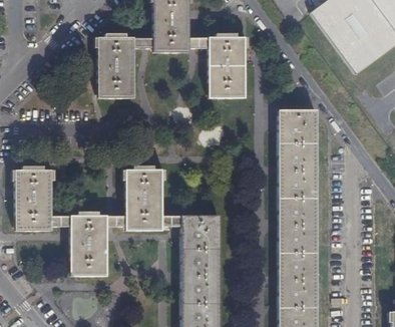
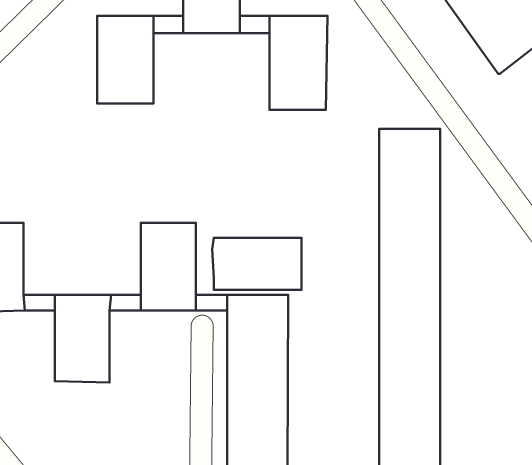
building: none -> [212,238,302,290]

